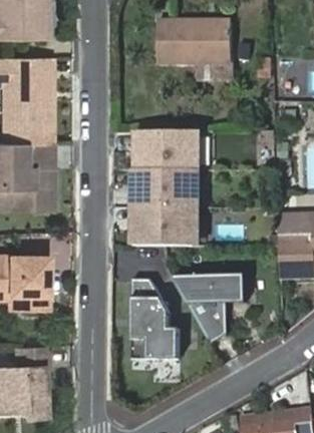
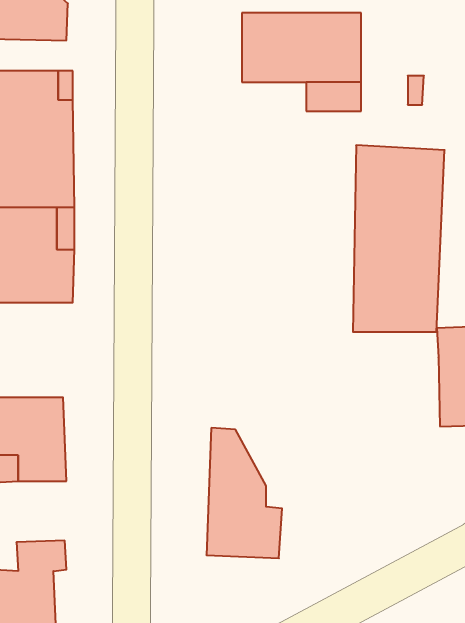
building: [137,128,195,245] -> [353,145,445,332]
building: [169,275,252,345] -> none

